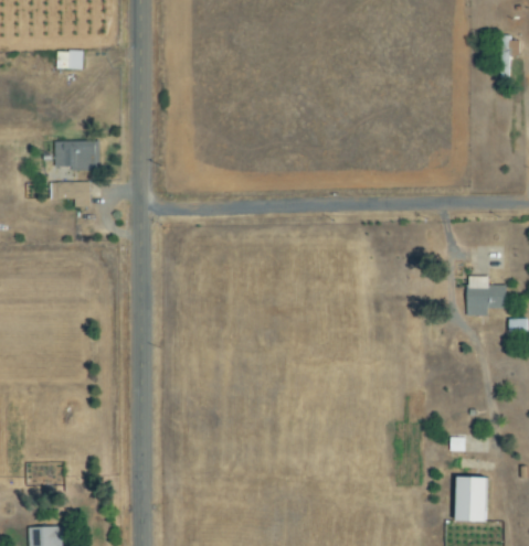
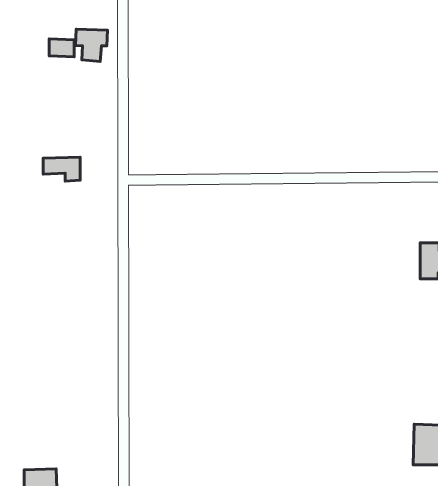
building: none -> [76,29,107,61]
building: [53,142,95,169] -> none

